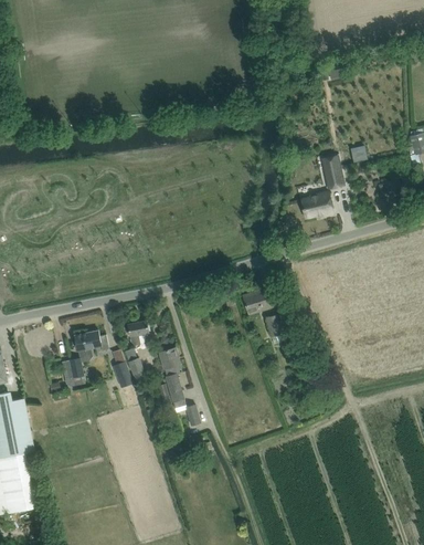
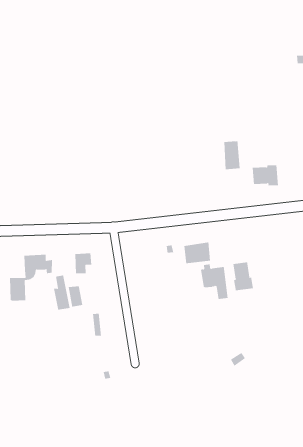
building: [320,155,343,189] -> [223,140,241,170]
building: none -> [233,262,254,291]
building: [158,347,200,426] -> none

